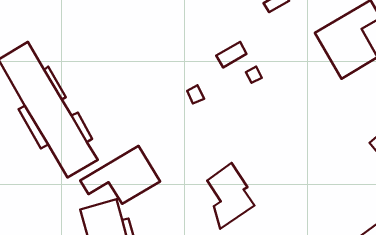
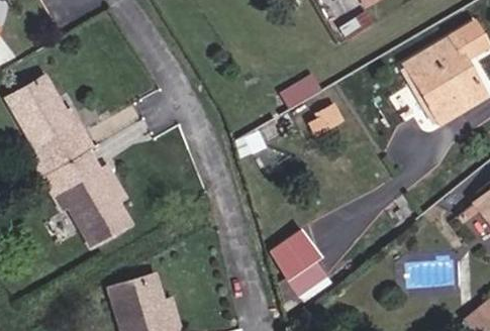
building: [80,146,160,204] -> none

